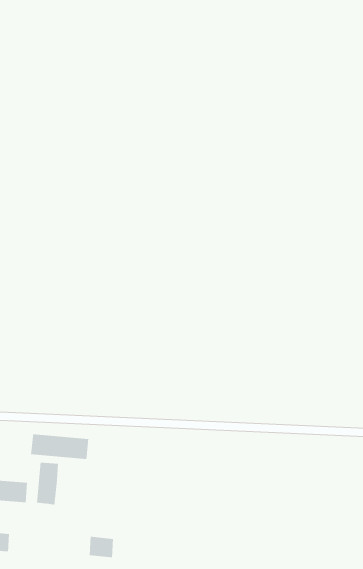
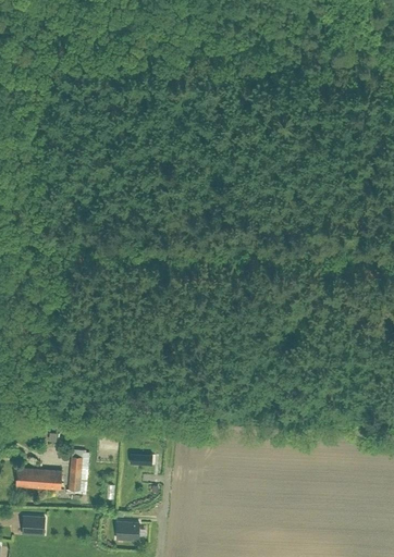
building: [30,434,89,460] -> none

